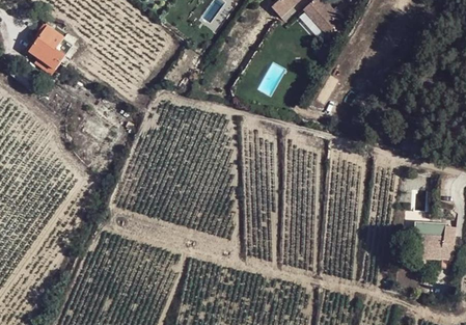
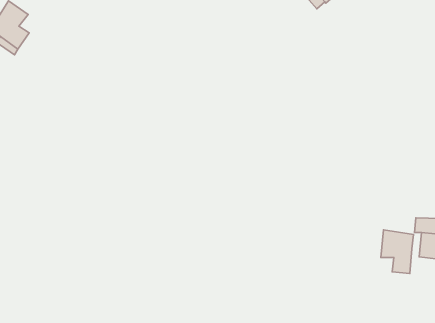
building: none -> [381,230,414,273]

